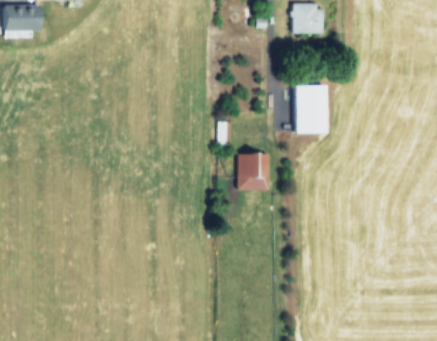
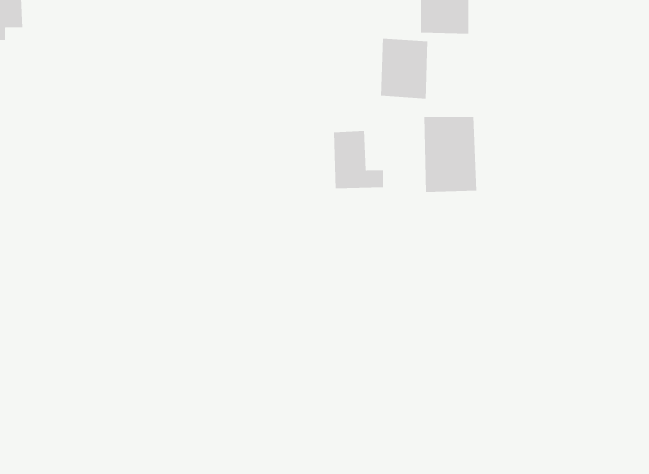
building: none -> [381,38,428,99]
building: [237,153,269,190] -> [333,130,384,189]

